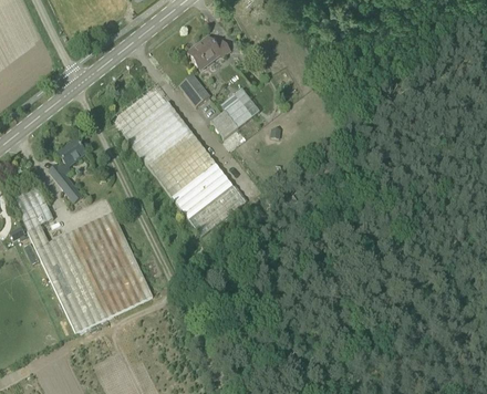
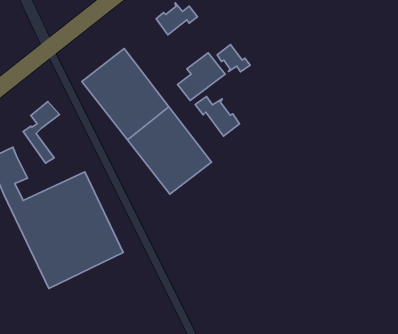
building: [178,74,209,107] -> none
building: none -> [217,44,250,72]
building: none -> [195,97,239,136]

